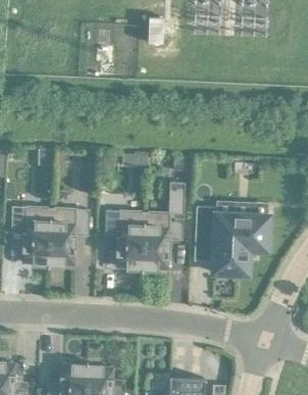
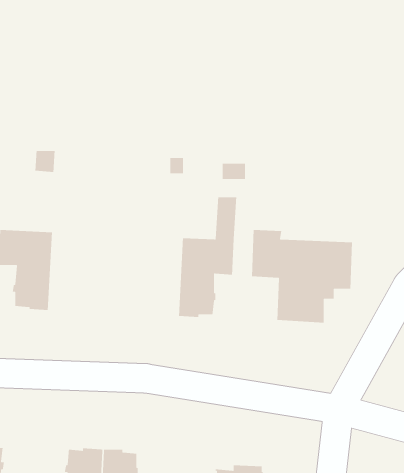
building: [48,208,90,266] -> none
building: [105,210,145,269] -> none

